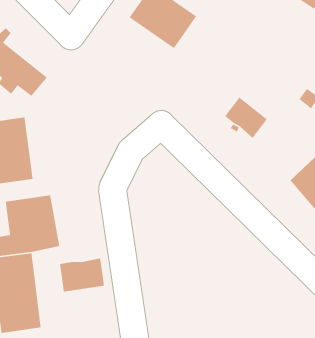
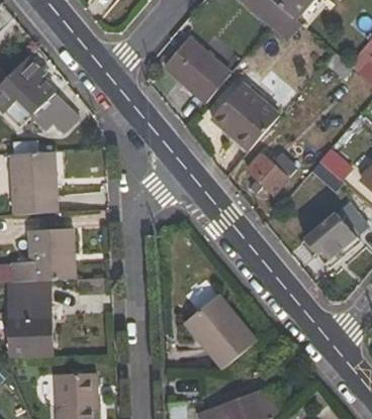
building: none -> [210,82,279,150]
building: none -> [185,295,257,370]
building: [59,257,105,292] -> none

